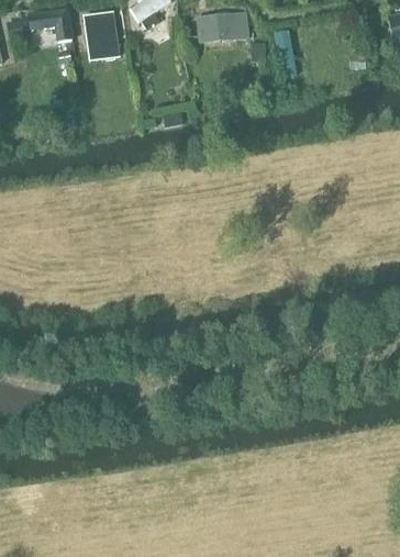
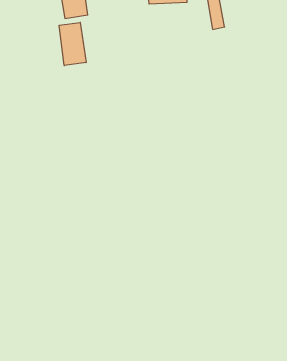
building: none -> [59,22,86,66]

